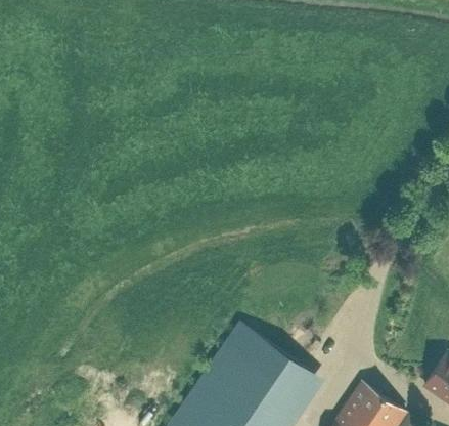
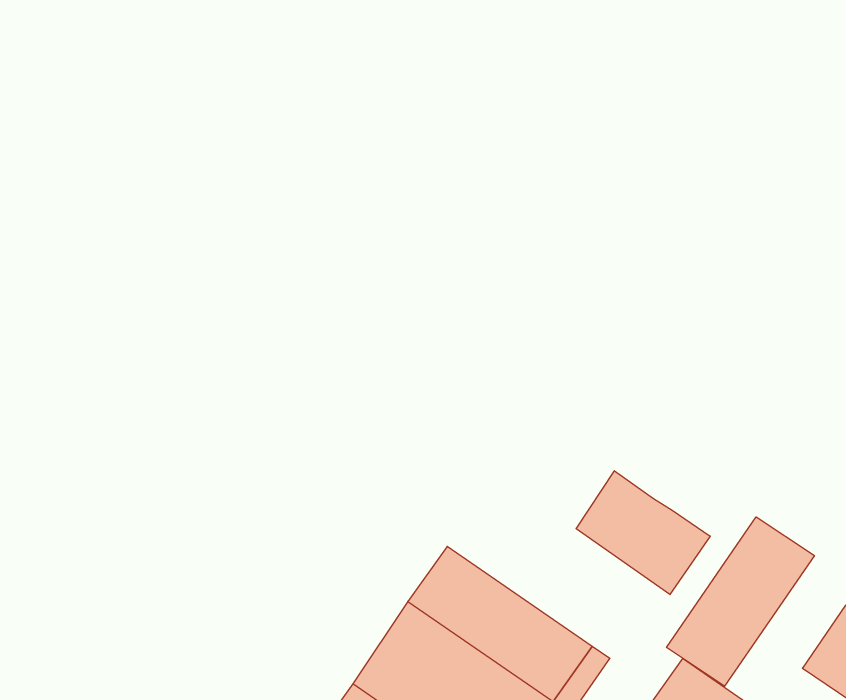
building: none -> [576,471,710,595]
building: none -> [667,517,814,686]

